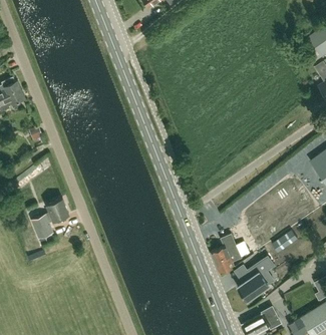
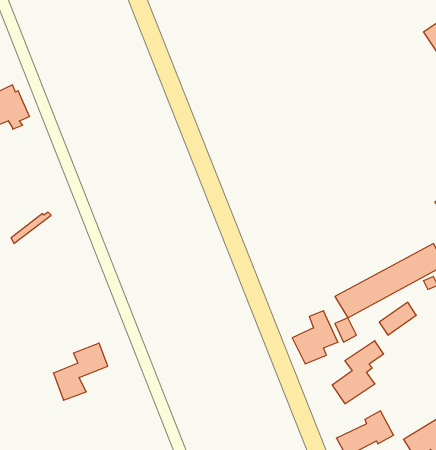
building: [31,199,69,239] -> [53,343,108,400]

